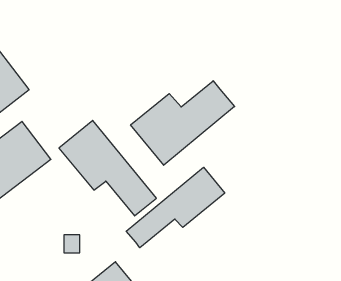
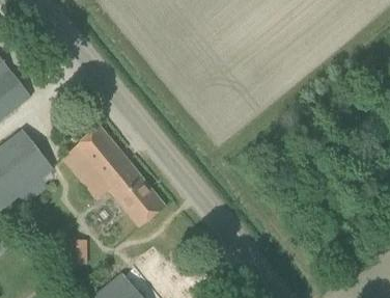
building: [131,81,235,165] -> none
building: [126,167,225,248] -> none

